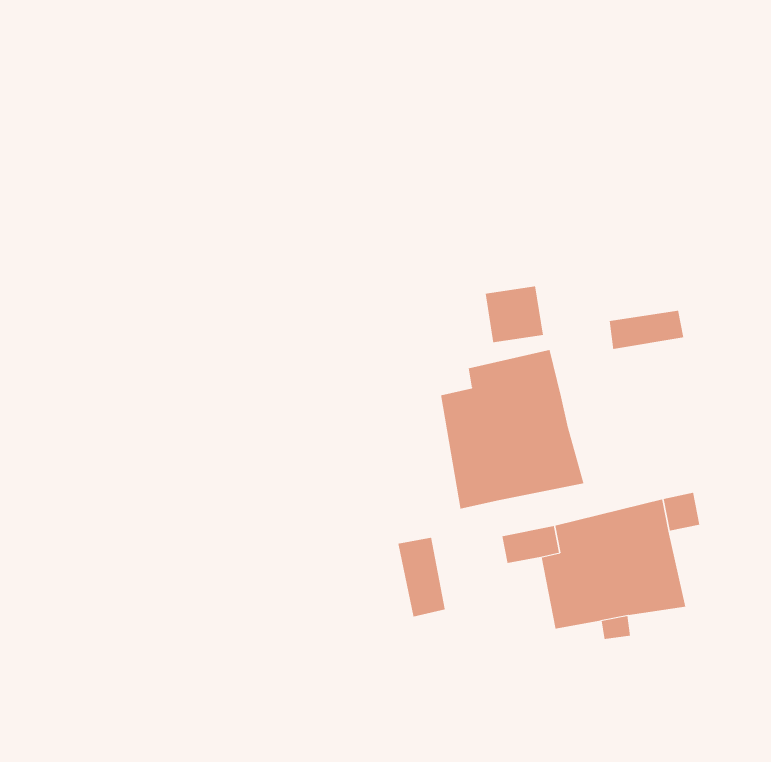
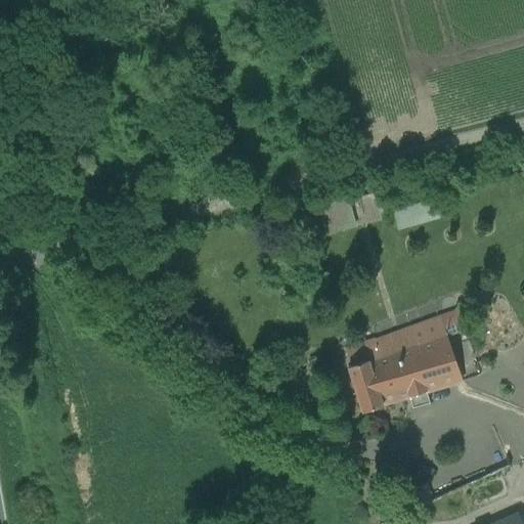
building: [440,349,584,509] -> none
building: [398,537,447,617] -> [348,360,383,410]

